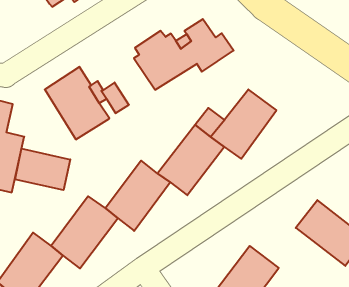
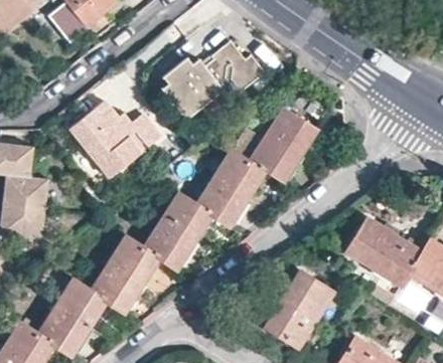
building: [15,148,70,190] -> none

